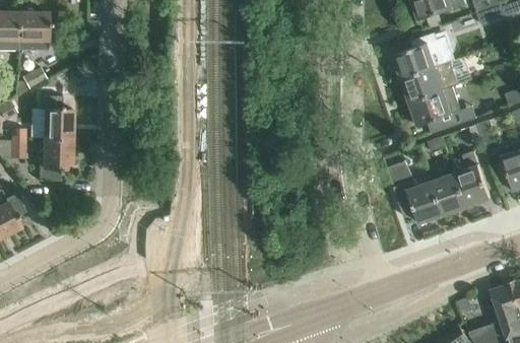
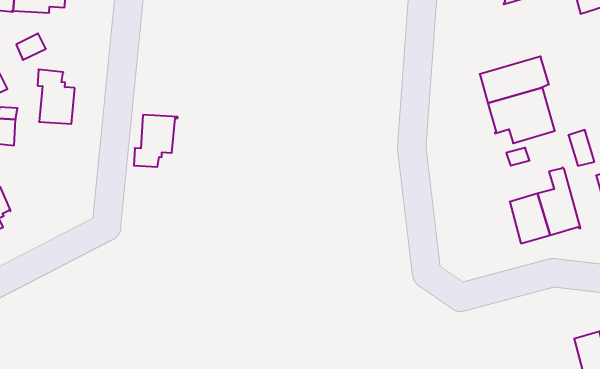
building: [392,41,455,79] -> none
building: [40,139,73,181] -> [134,115,178,167]
building: [383,157,443,225] -> none

